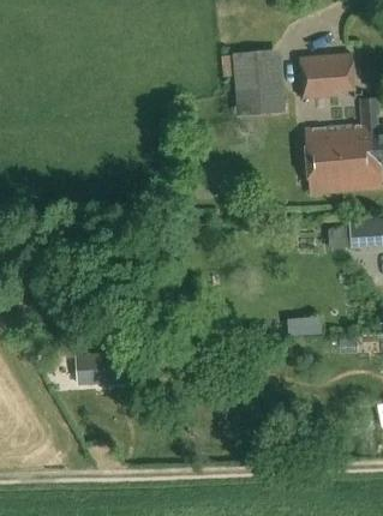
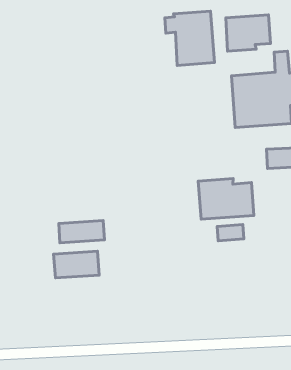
building: none -> [198,179,254,219]
building: none -> [59,221,105,243]

